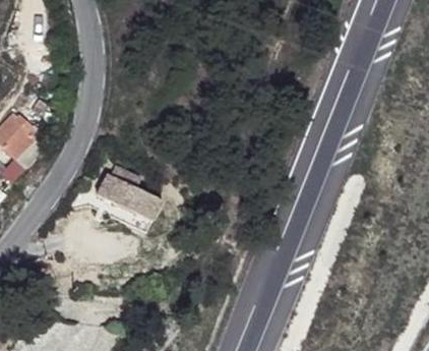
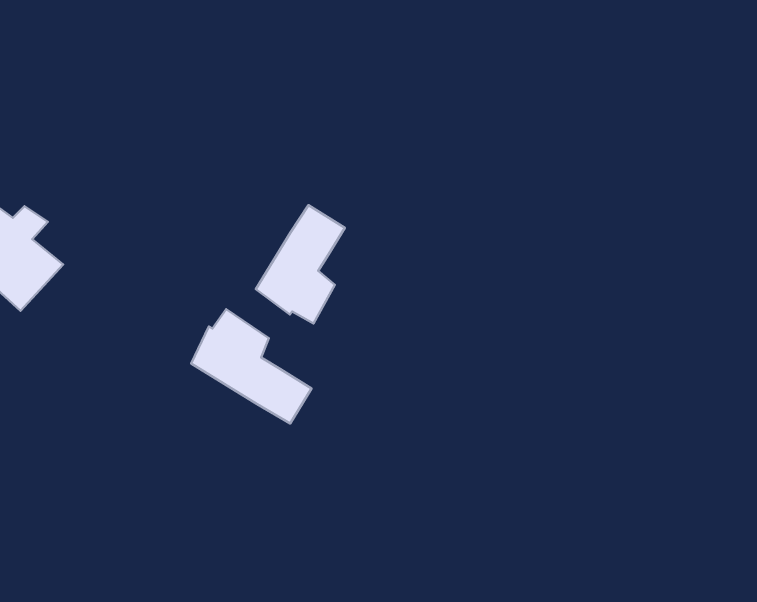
building: none -> [256,205,345,324]

